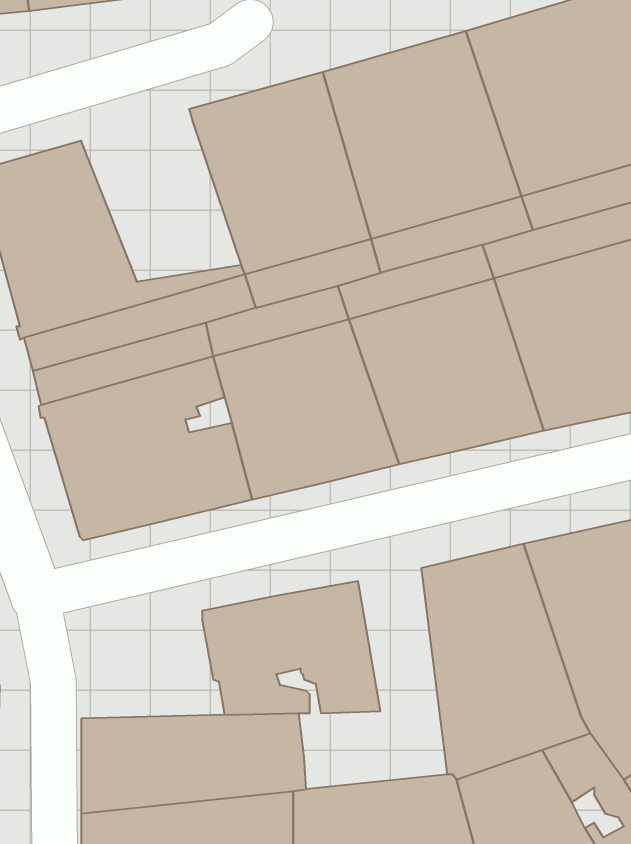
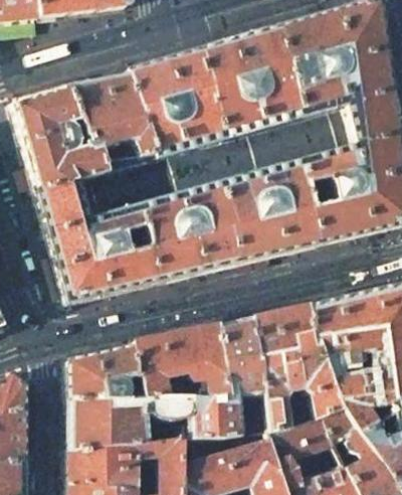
building: none -> [69,76,156,163]
building: none -> [187,318,267,438]
building: none -> [69,346,147,399]

